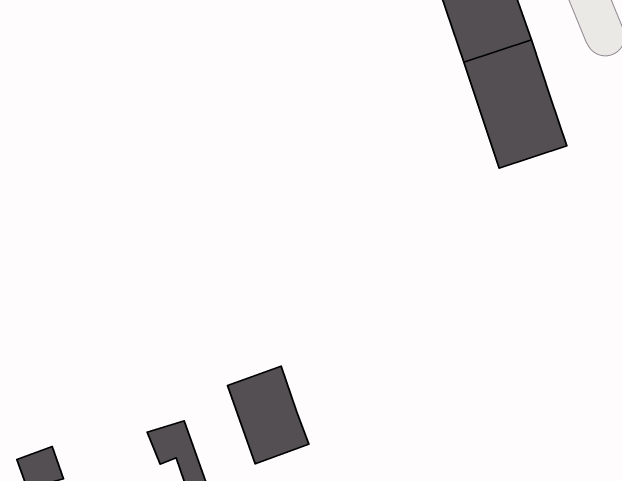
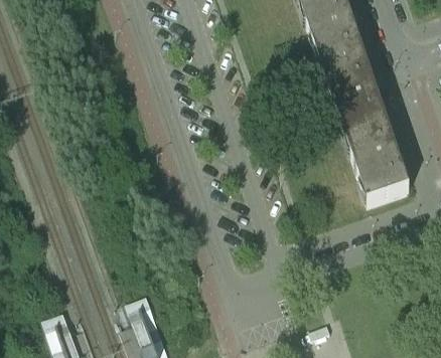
building: none -> [345,121,411,200]
building: [227,366,309,464] -> none

